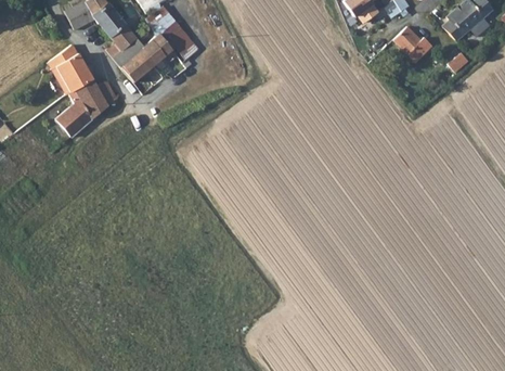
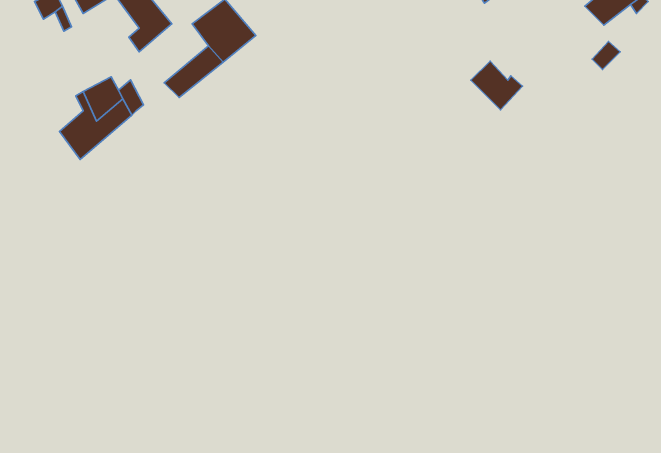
building: [393,26,431,62] -> [471,61,522,110]
building: [114,39,165,82] -> none
building: [50,43,93,92] -> none

